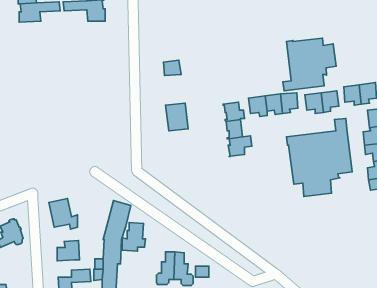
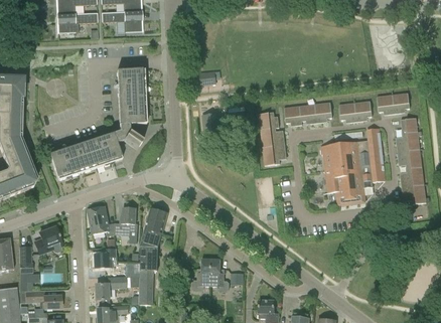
building: [283,38,336,91] -> none
building: none -> [48,69,146,180]
building: [122,222,146,251] -> [115,207,138,235]

